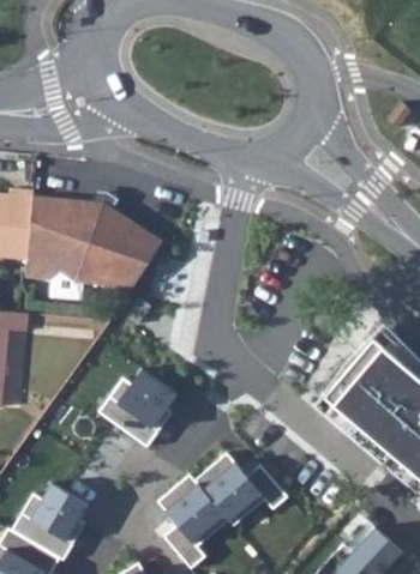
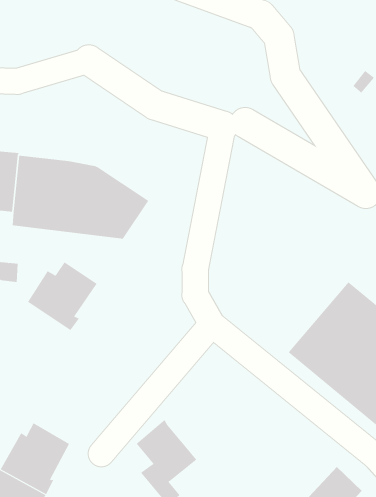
building: [100,369,175,443] -> [27,262,98,331]
building: [193,454,287,526] -> none

